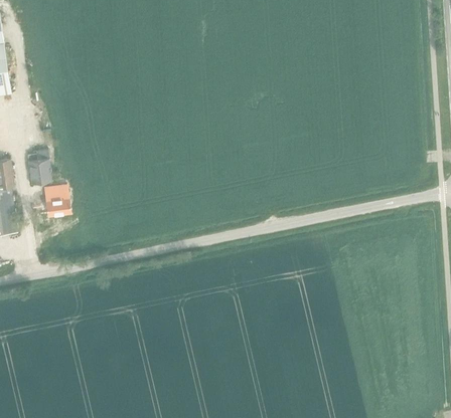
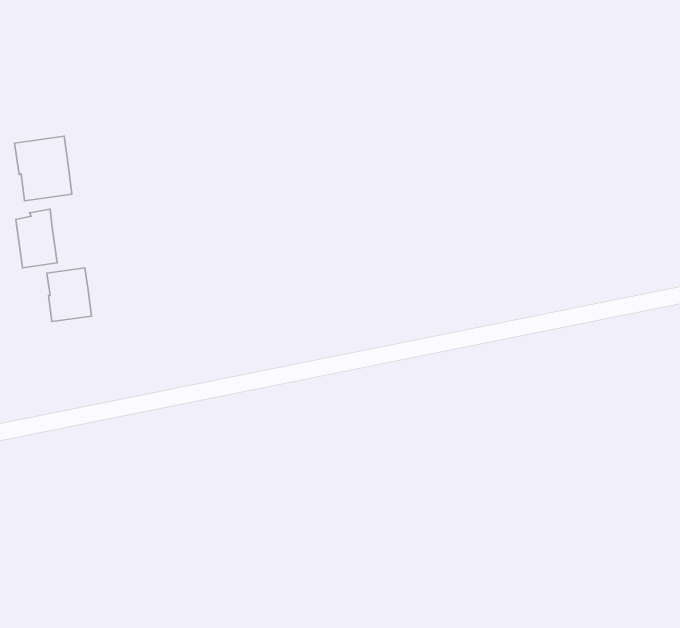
building: none -> [15,136,72,201]

